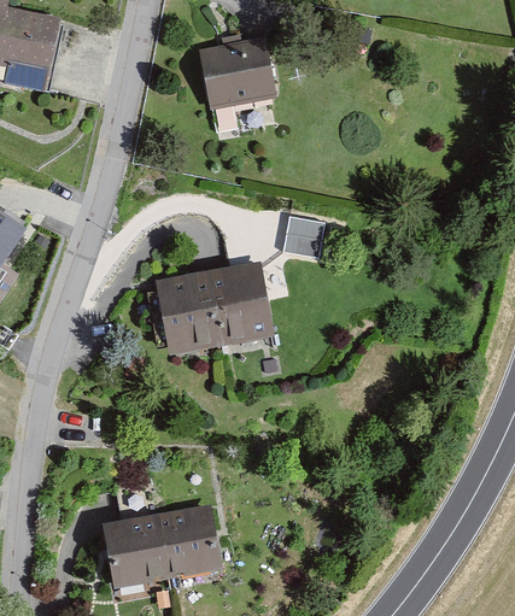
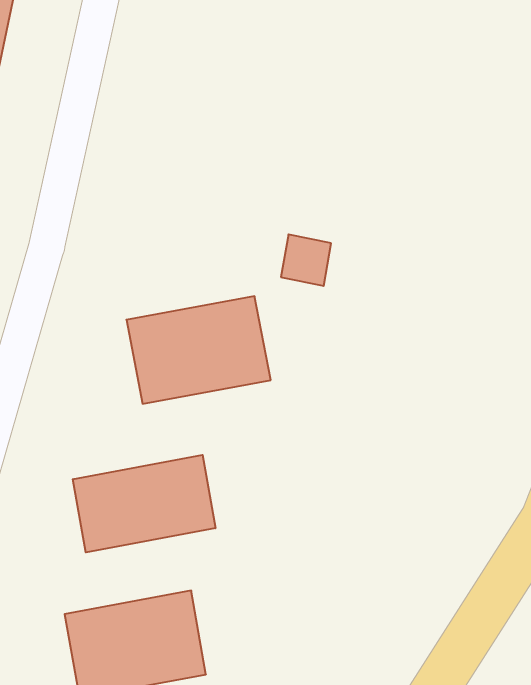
building: [199,35,274,107] -> none
building: none -> [73,455,215,552]

